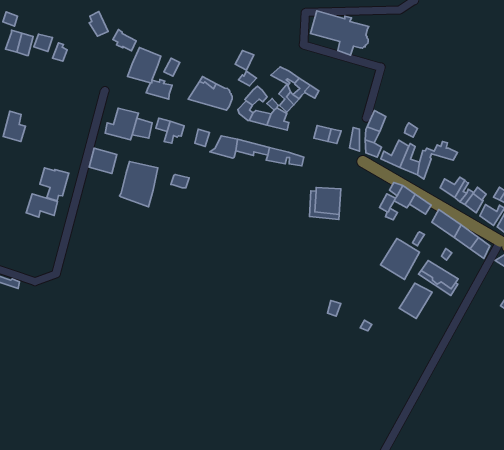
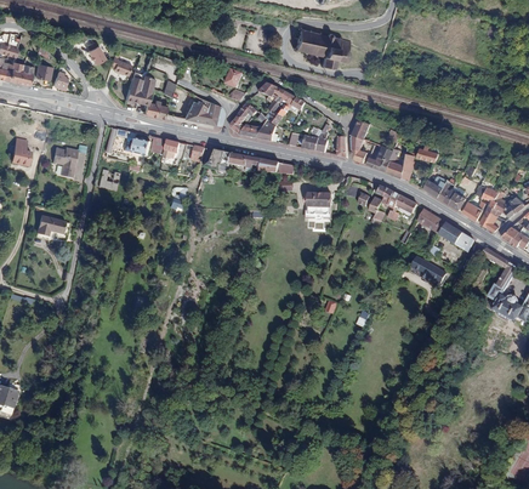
building: [119,161,158,207] -> none
building: [40,168,69,201] -> [52,147,79,177]
building: [381,238,420,279] -> none
building: [399,283,432,318] -> none

